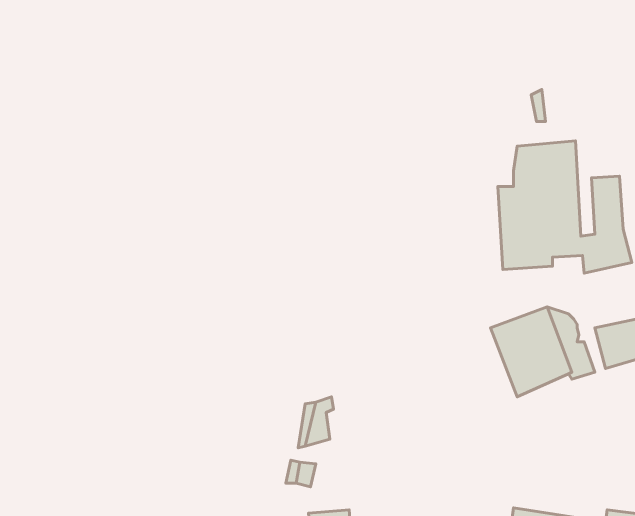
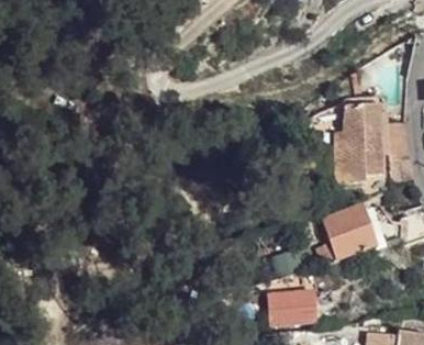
building: none -> [263,287,313,321]

